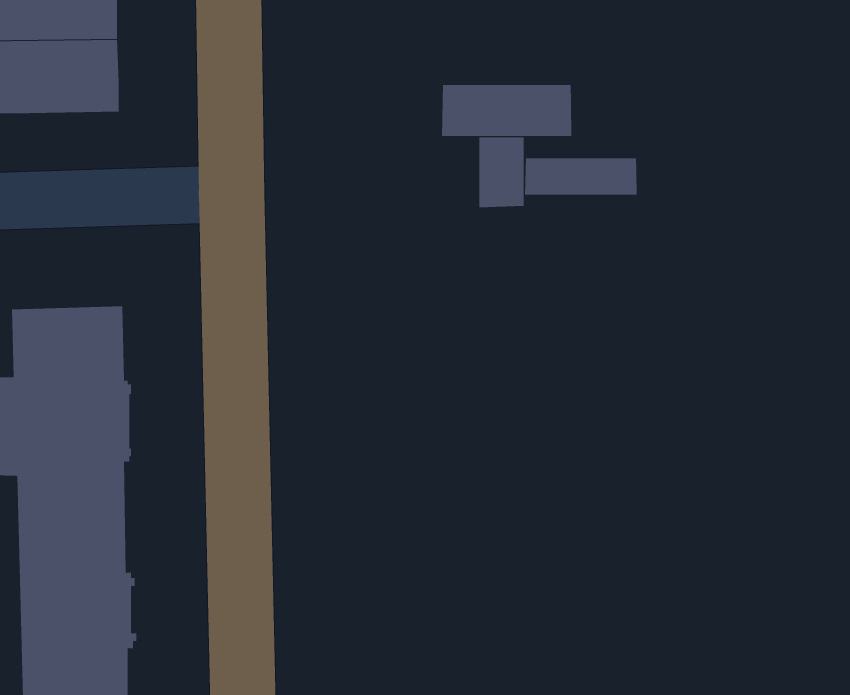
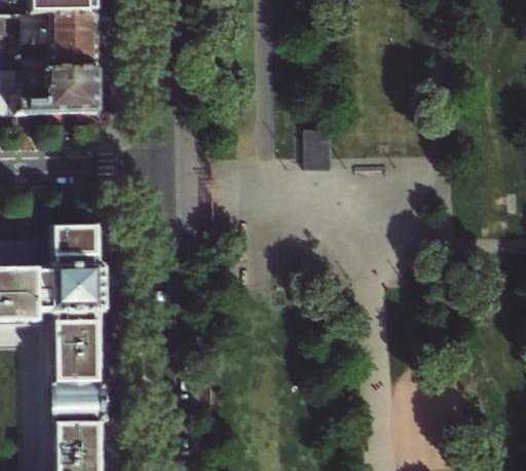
building: [441,84,572,137] -> none
building: [525,157,637,195] -> none

